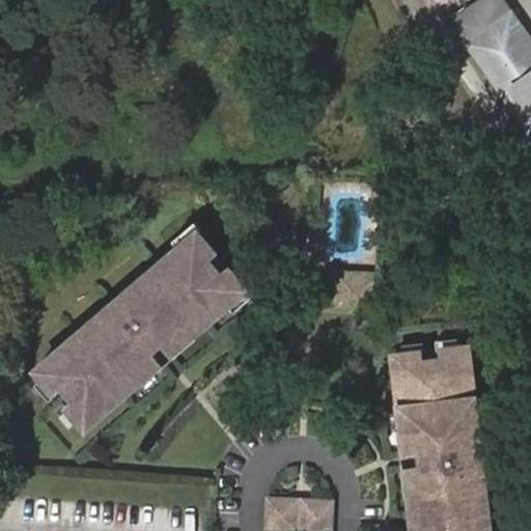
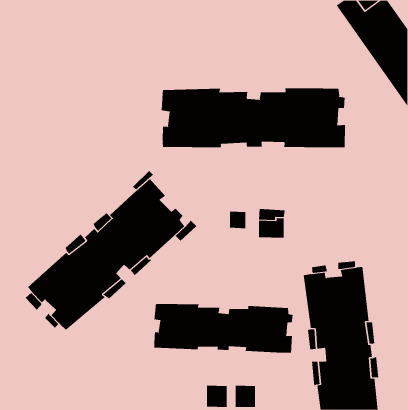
building: none -> [161,88,345,148]
building: none -> [154,303,293,354]

